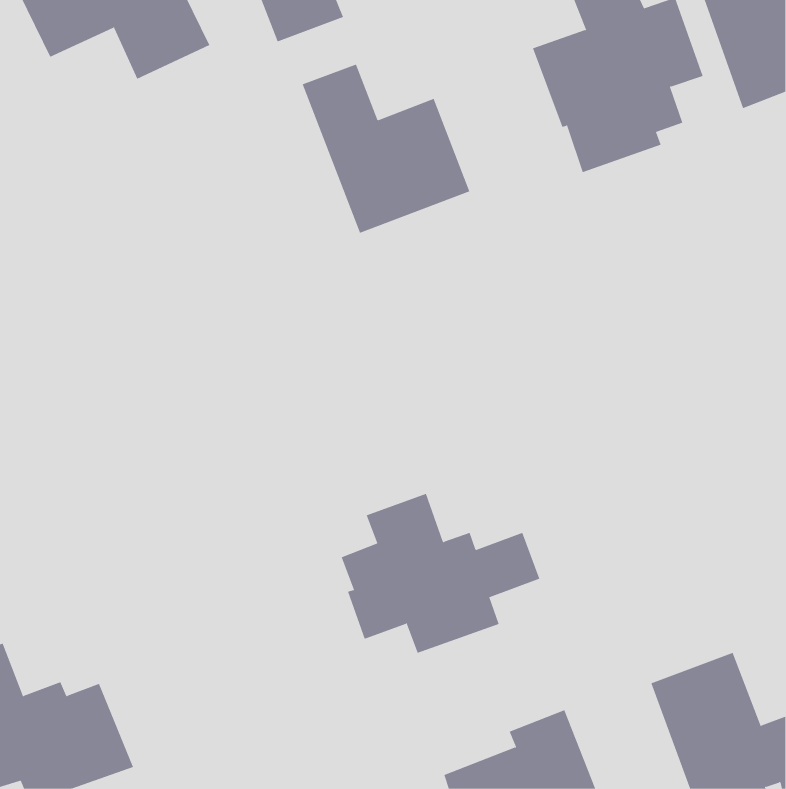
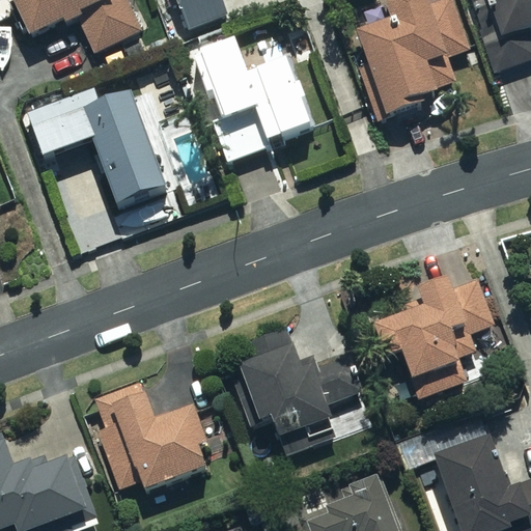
building: none -> [28,90,170,207]
building: none -> [374,279,491,396]
building: none -> [92,382,206,491]

